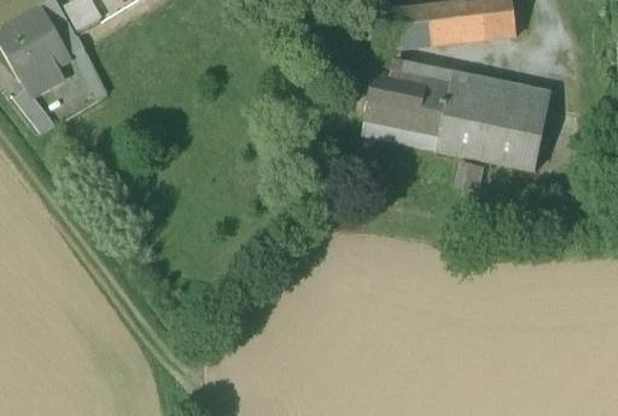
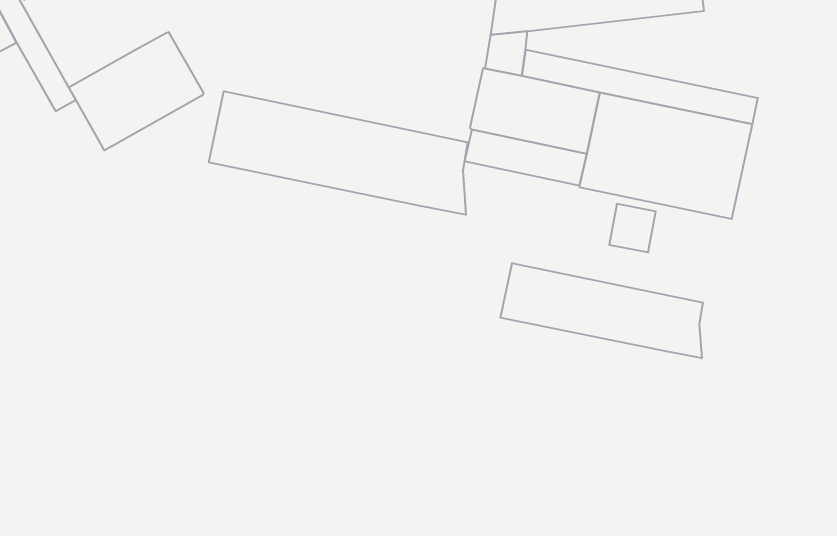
building: none -> [69,32,203,150]
building: none -> [209,91,467,215]
building: none -> [501,263,703,358]

